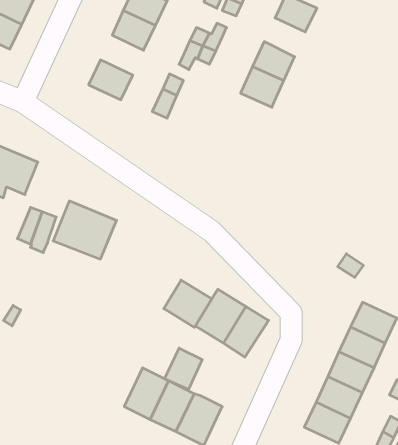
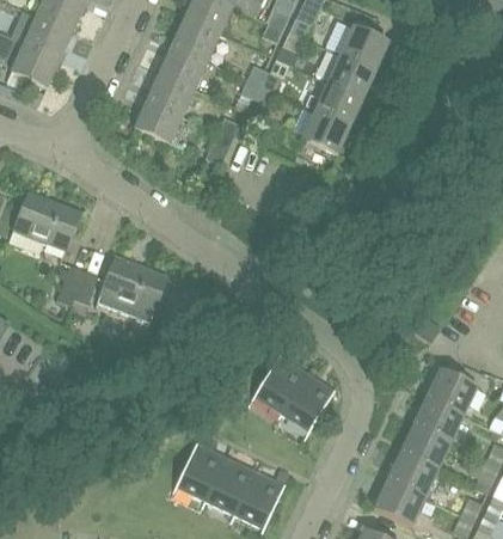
building: none -> [329,53,374,96]
building: none -> [147,72,195,116]
building: [164,280,212,327] -> none
building: [165,348,202,390] -> none

